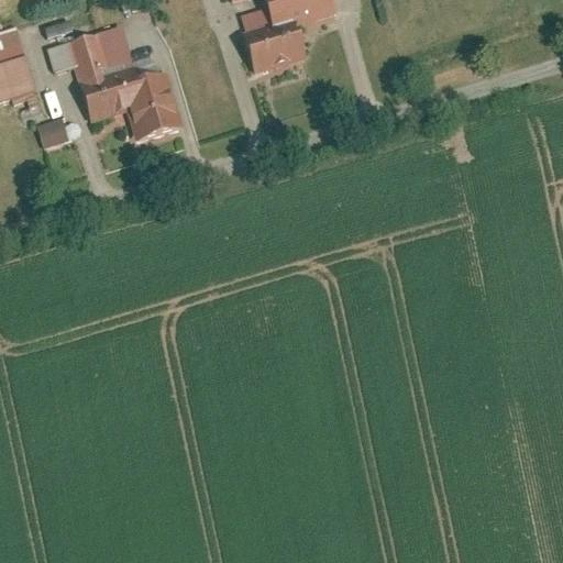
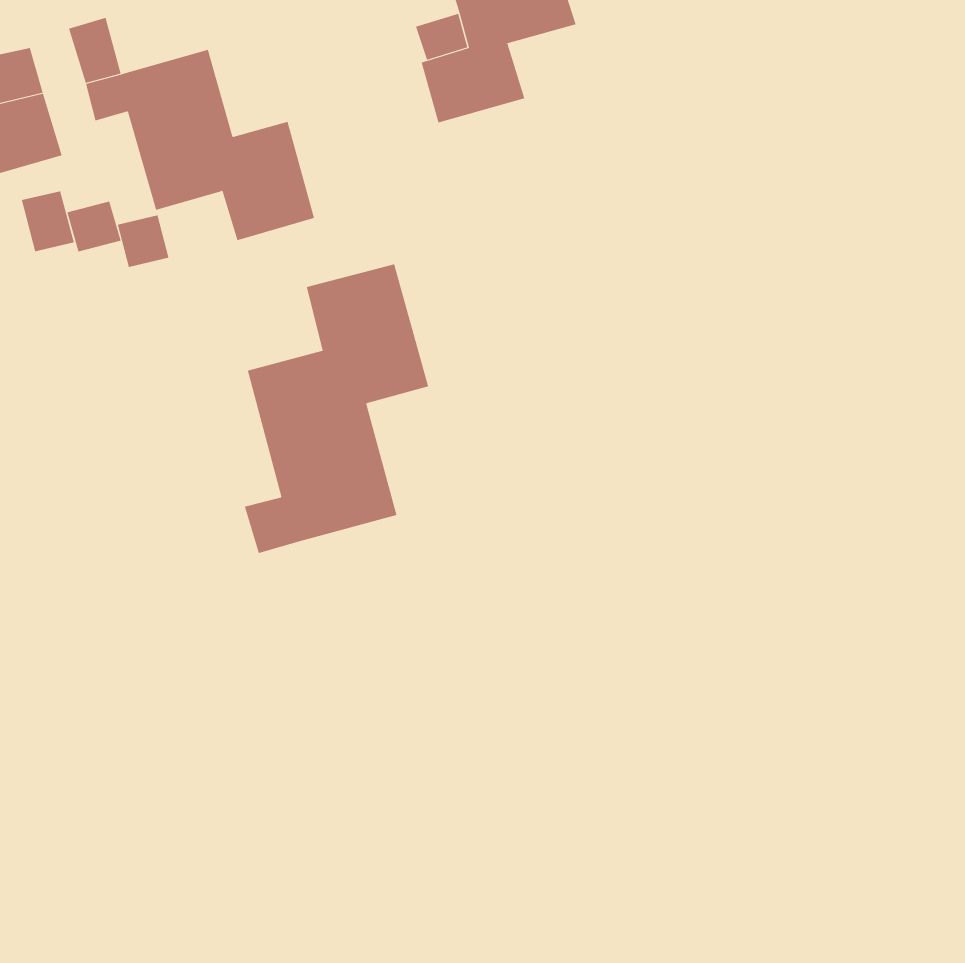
building: none -> [21,190,74,252]
building: none -> [117,215,169,268]
building: none -> [244,264,429,554]

